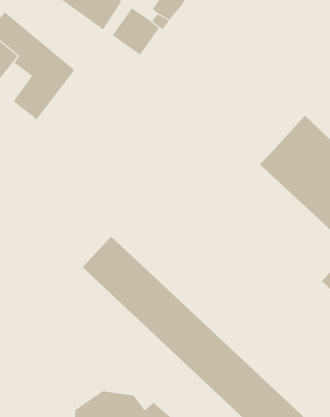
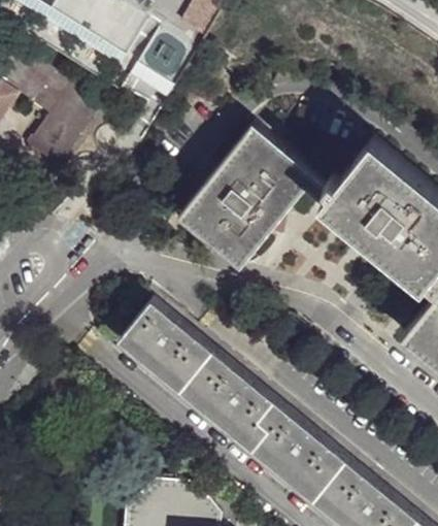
building: none -> [176,129,329,270]

